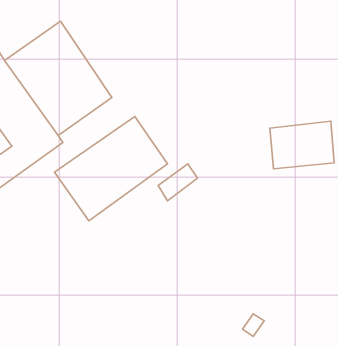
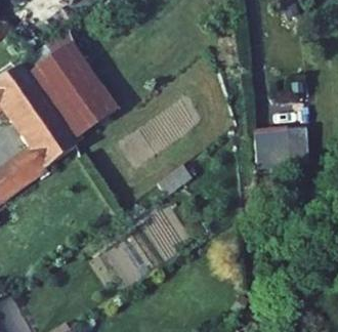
building: [55,117,167,221] -> none

